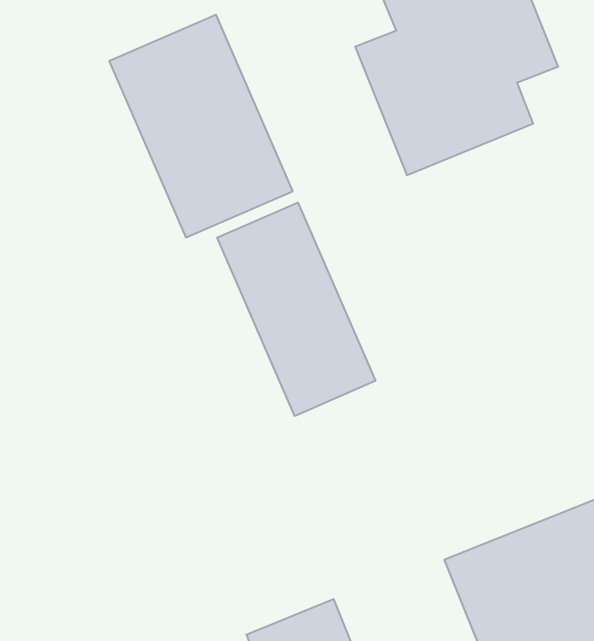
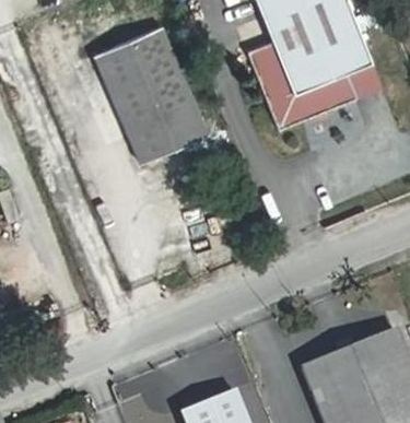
building: [217,202,375,416] -> none

